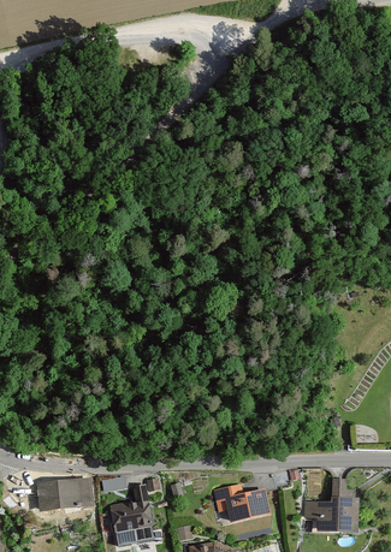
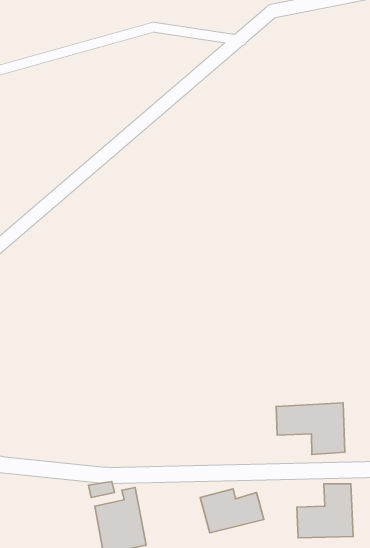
building: none -> [276,403,345,454]
building: [22,475,93,511] -> none

